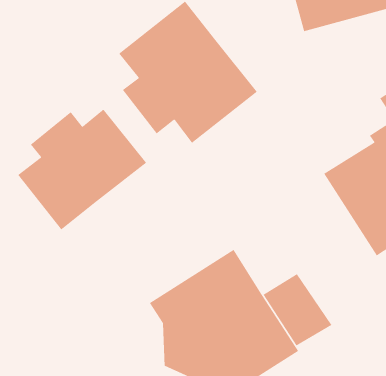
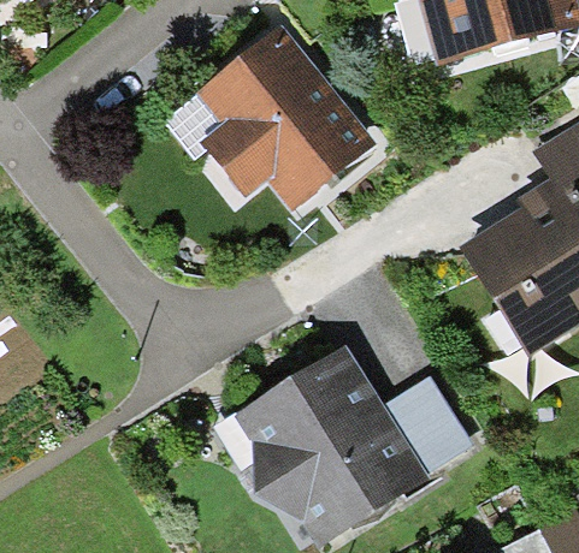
building: [17,108,147,230] -> none

